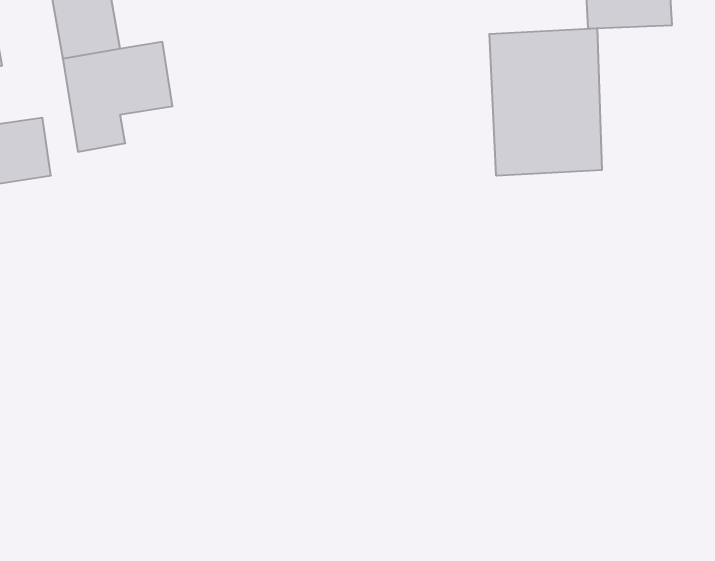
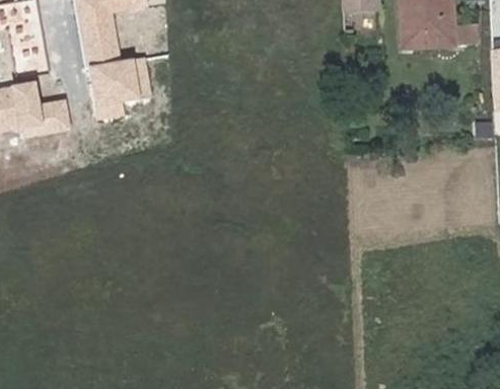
building: [489,28,602,176] -> none

